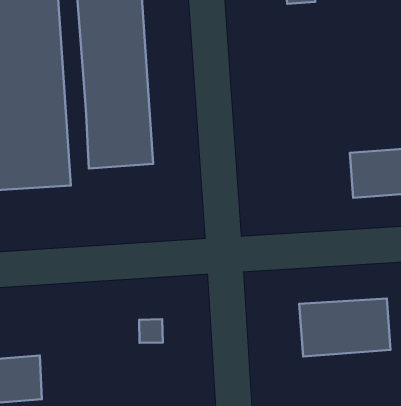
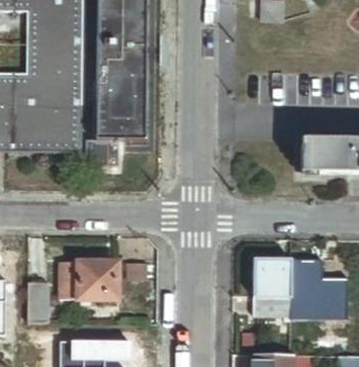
building: none -> [56,257,120,301]
building: none -> [254,298,323,318]

